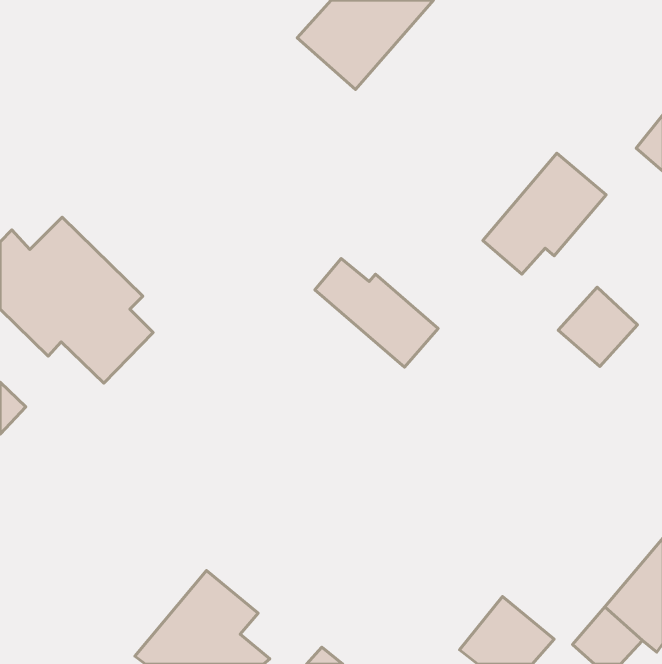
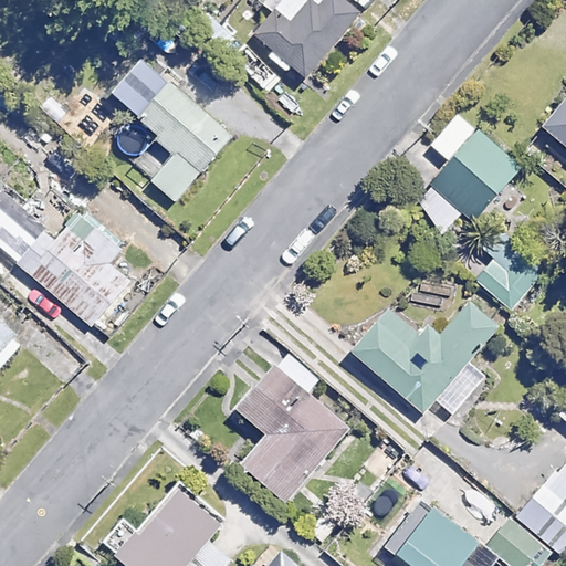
building: none -> [132,78,231,202]
building: [315,258,438,367] -> none
building: none -> [353,303,496,415]
building: none -> [234,349,347,502]

